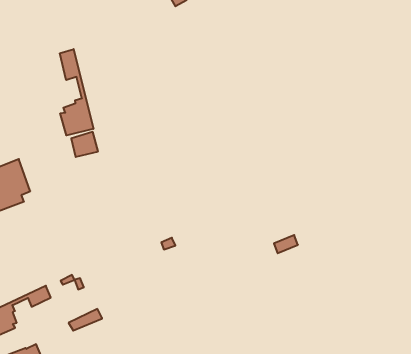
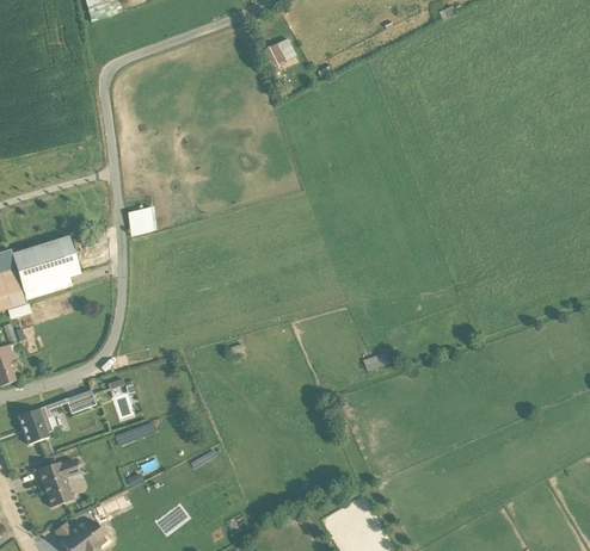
building: [60,49,93,135] -> none

